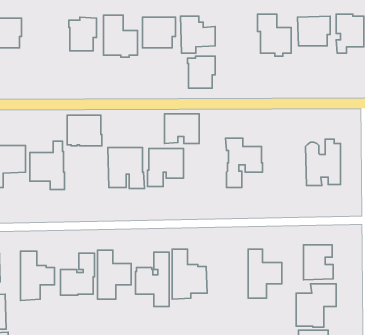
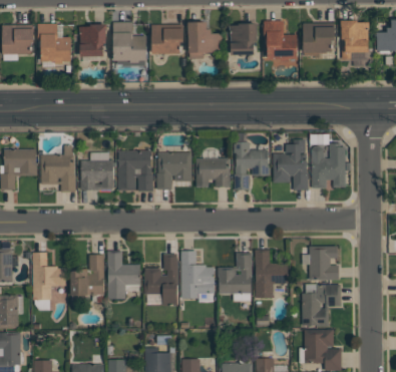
building: none -> [37,23,71,64]
building: [187,56,215,88] -> [230,24,257,55]
building: [164,114,199,144] -> [195,158,230,188]
building: [67,115,102,146] -> [80,160,114,191]
building: none -> [273,139,309,191]
building: none -> [218,254,252,294]

